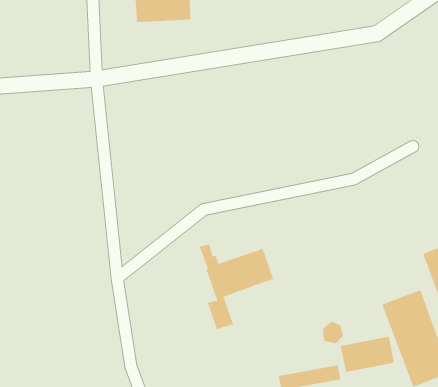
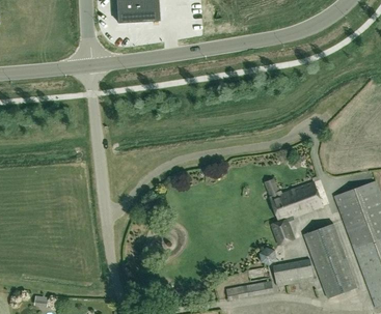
building: [198,244,274,330] -> [264,178,321,244]

